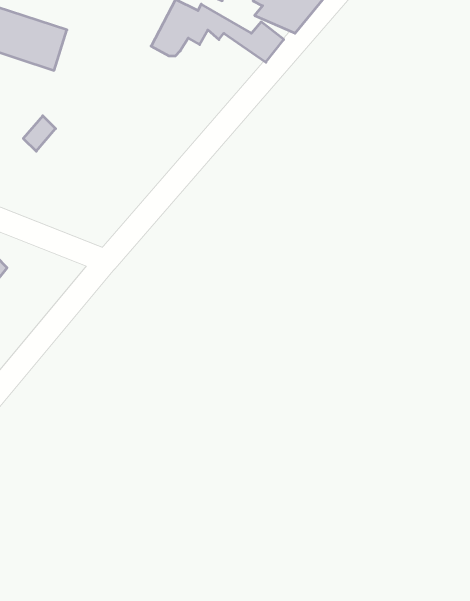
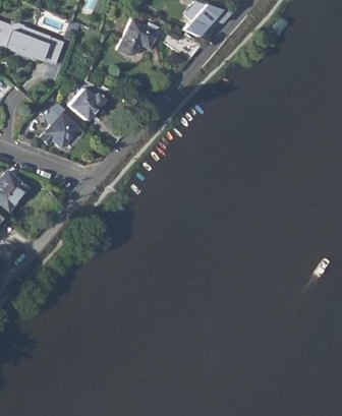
building: none -> [69,87,104,119]
building: none -> [41,108,82,146]

